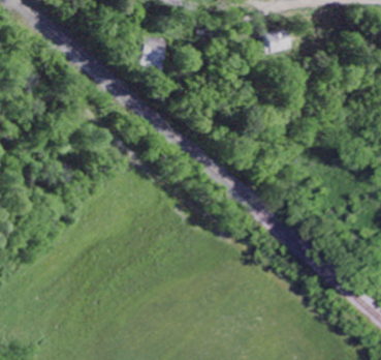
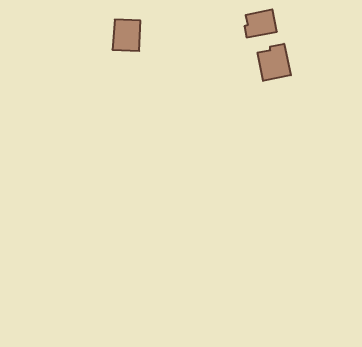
building: none -> [258,44,291,81]

